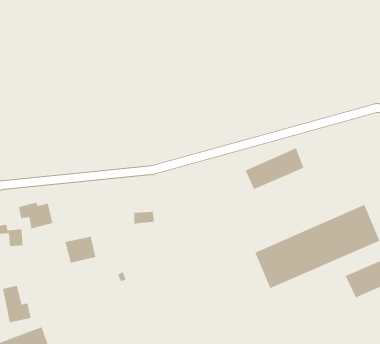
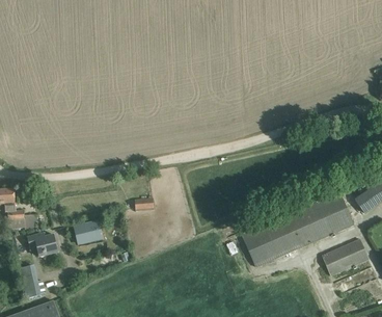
building: [245,148,304,190] -> none
building: [18,202,53,229] -> [27,232,58,256]

